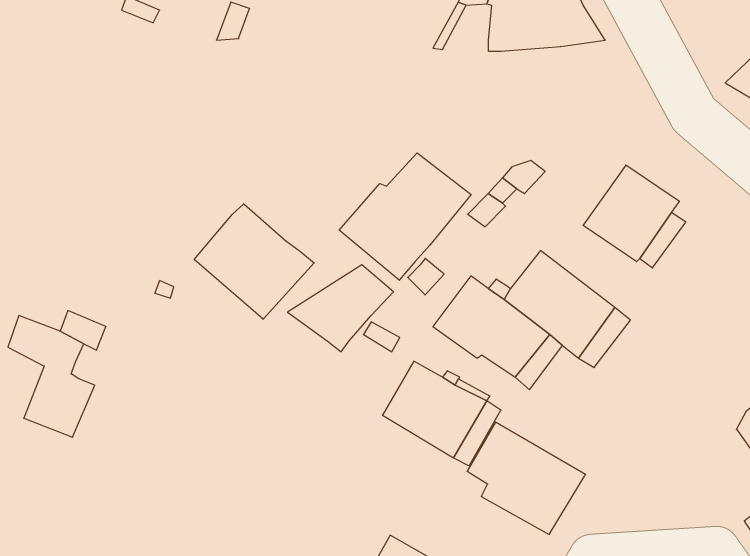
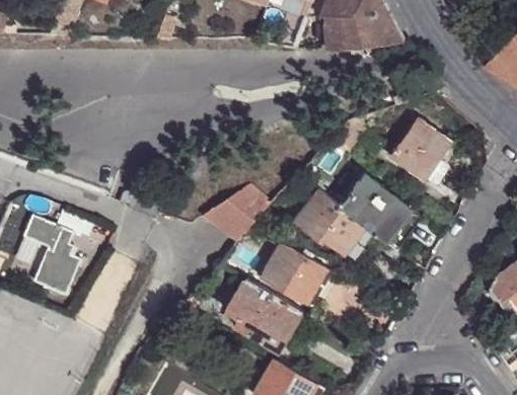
building: [339,153,471,280] -> none
building: [194,204,314,319] -> none
building: [467,422,586,534] -> [226,279,302,350]

